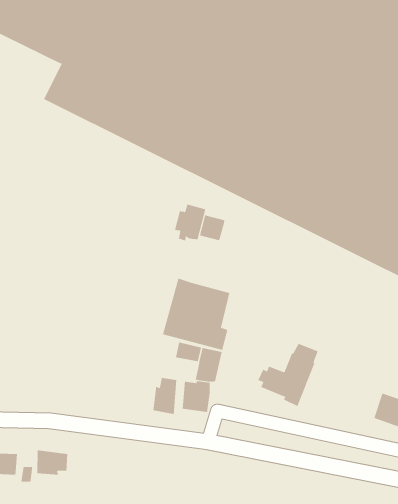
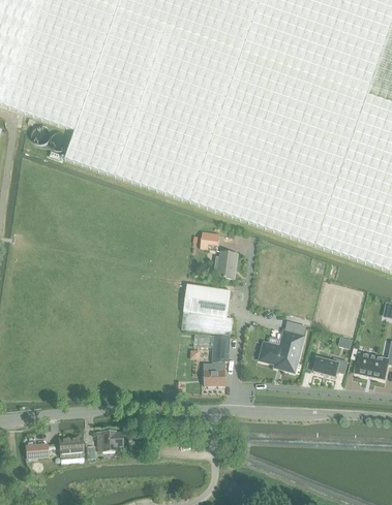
building: [174,204,206,241] -> [214,251,237,280]
building: [153,377,177,415] -> none
building: none -> [313,356,348,376]

